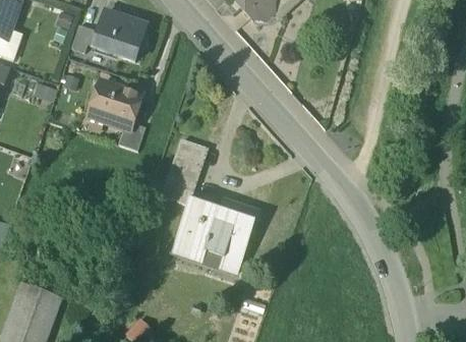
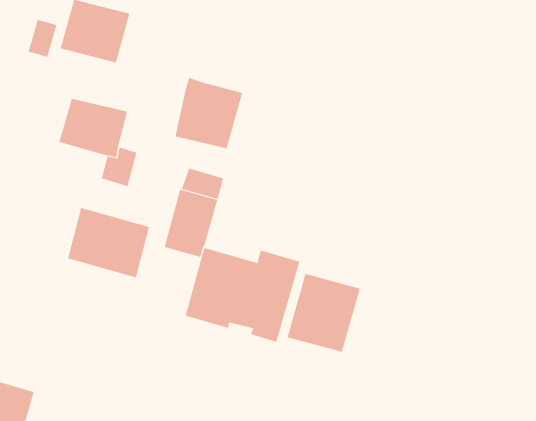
building: none -> [175,77,243,149]
building: none -> [68,207,150,278]
building: none -> [287,273,360,353]

